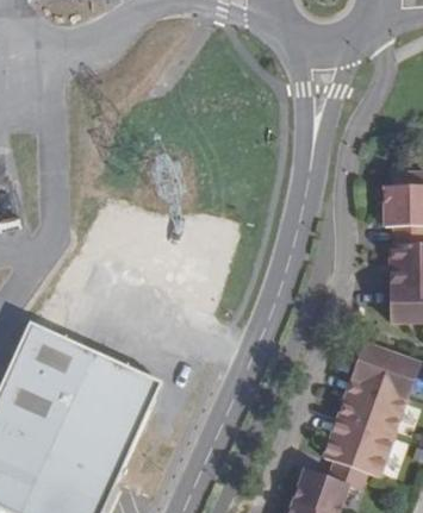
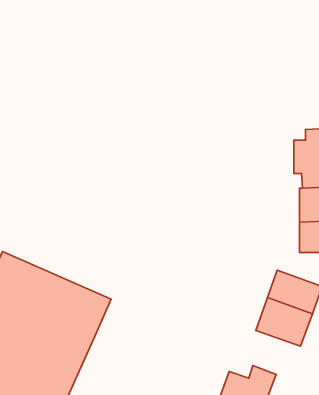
building: [323,417,392,475] -> none

